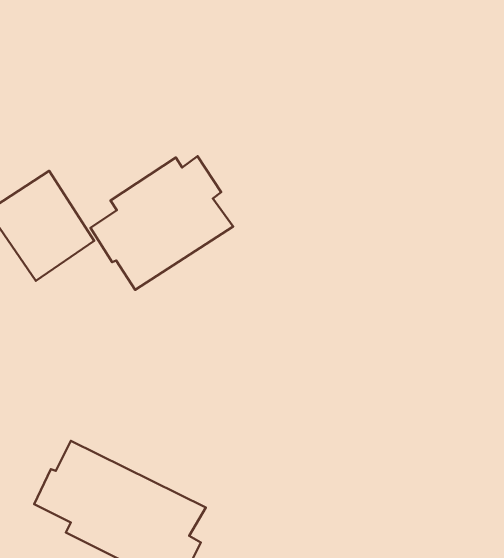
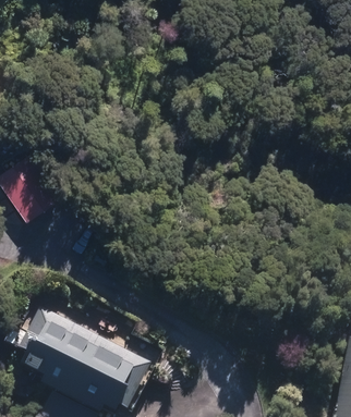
building: [90,156,233,290] -> none

